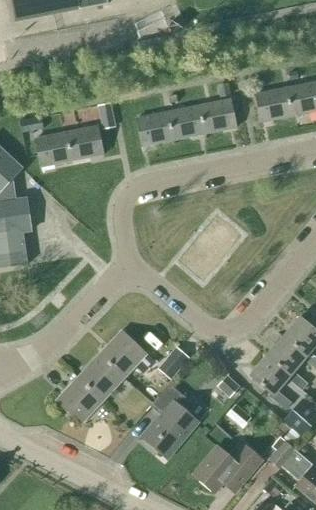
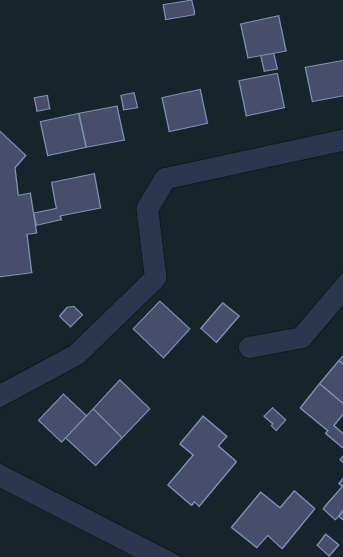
building: [168,104,206,139] -> [240,16,286,58]
building: none -> [34,173,100,225]
building: [101,329,148,376] -> [133,301,190,358]
building: [159,346,191,379] -> [201,303,239,343]
building: none -> [39,394,87,442]

